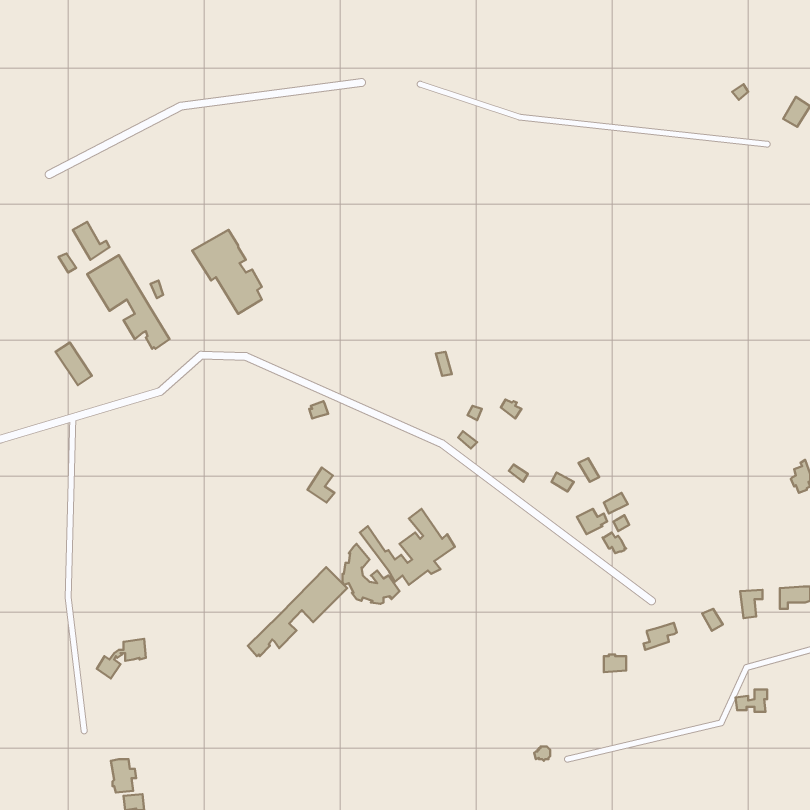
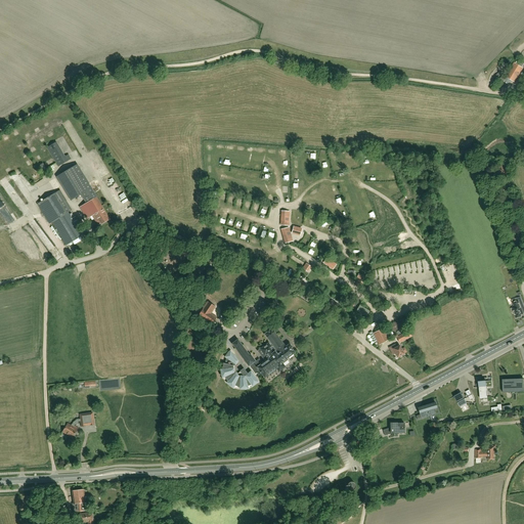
building: [192,230,262,314] -> [37,190,82,245]
building: [248,567,347,656] -> none

